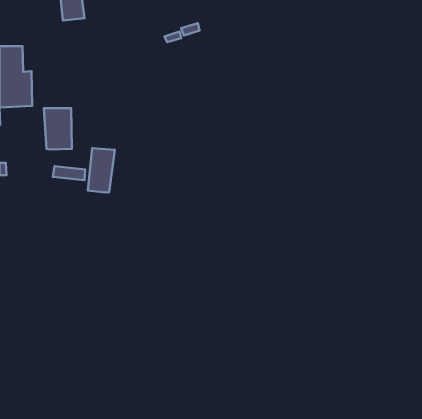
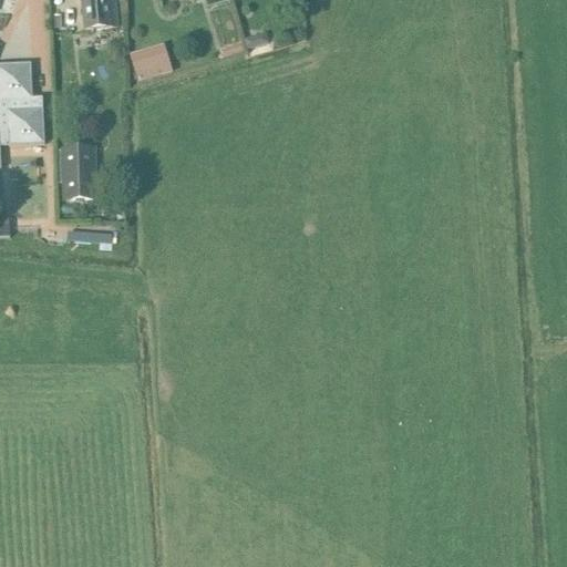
building: none -> [128,41,172,81]
building: [88,148,115,193] -> none

